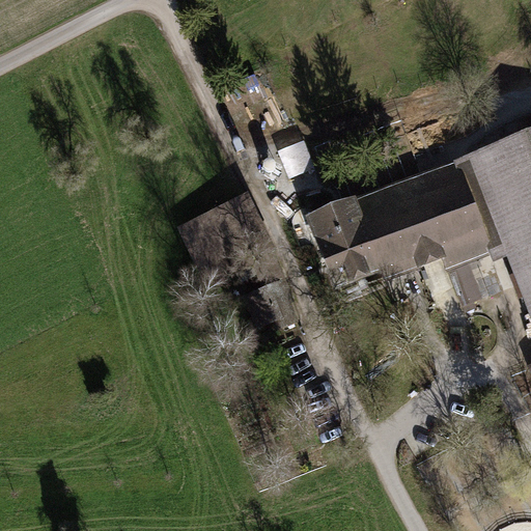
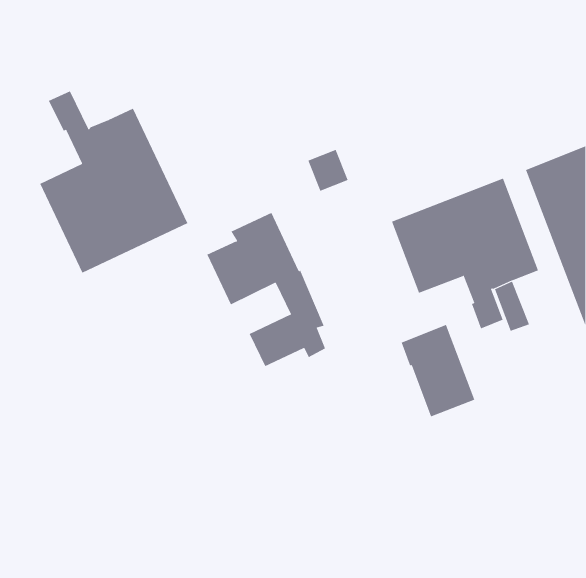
building: none -> [39,91,188,273]
building: [311,197,379,281] -> [401,324,475,417]

